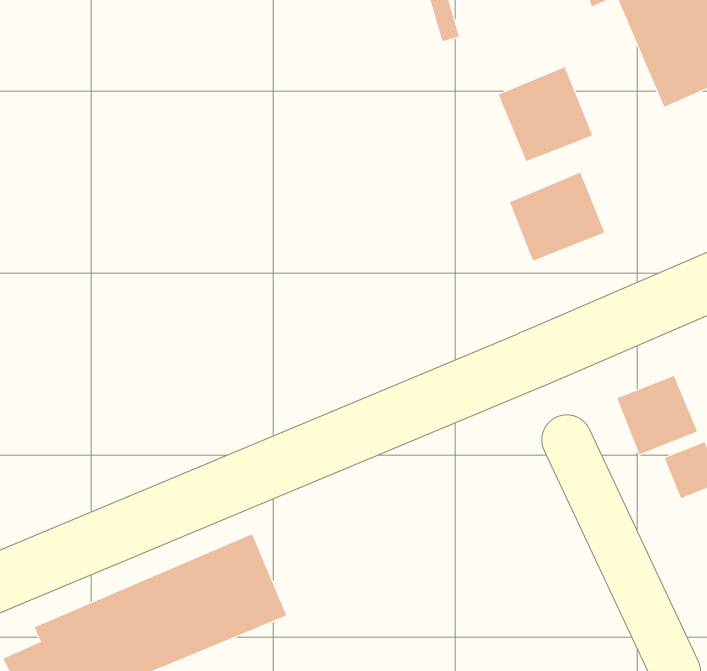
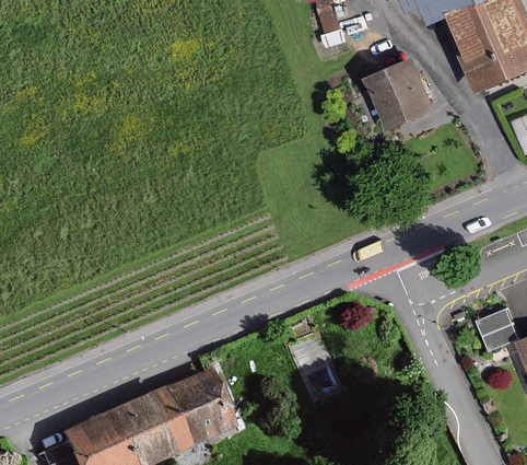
building: [509,172,605,261] -> none
building: [617,375,698,455] -> none

